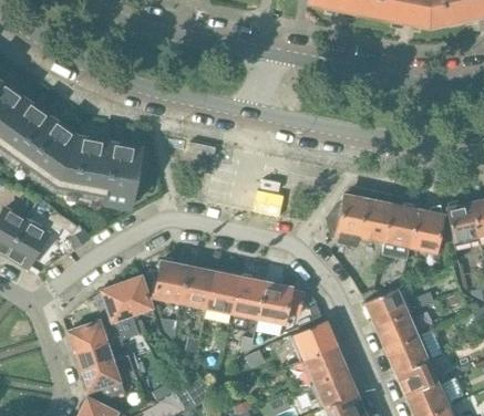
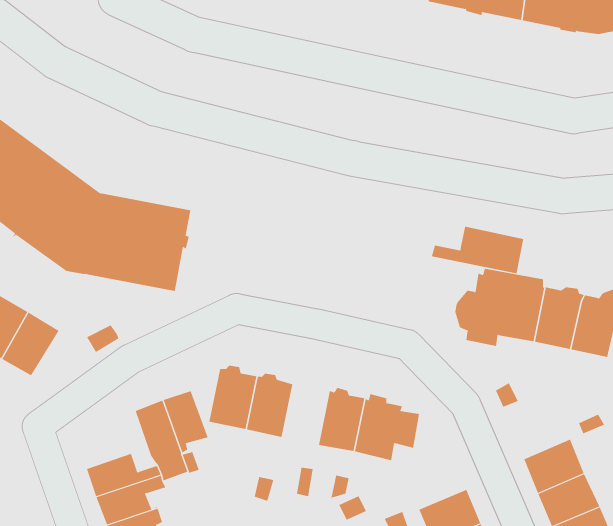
building: none -> [431,226,524,274]
building: [206,269,239,315] -> none
building: [365,288,410,325] -> none
building: [292,322,337,361] -> none

